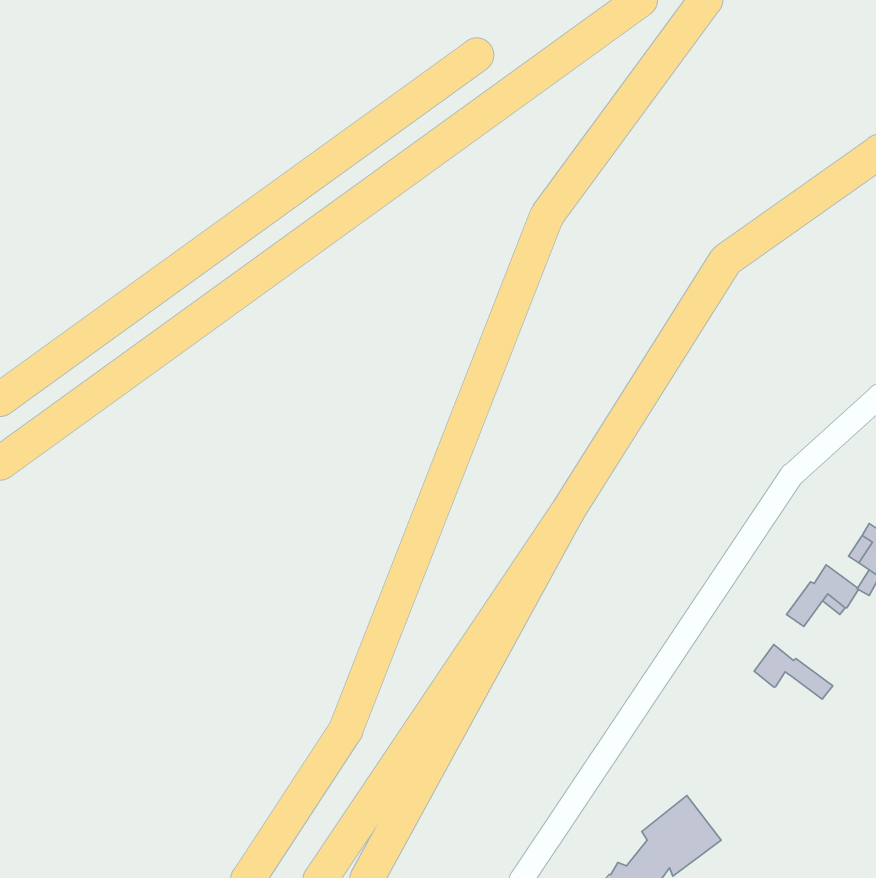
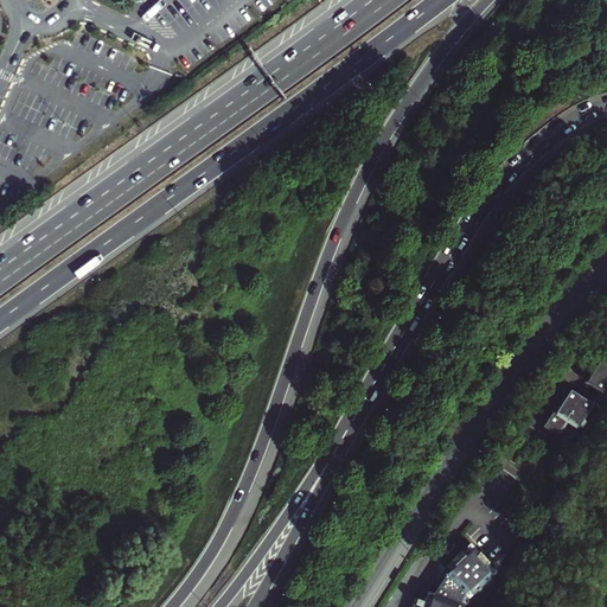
building: [754,645,833,699] -> none

